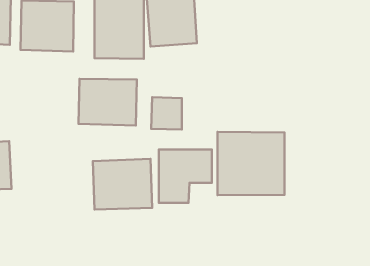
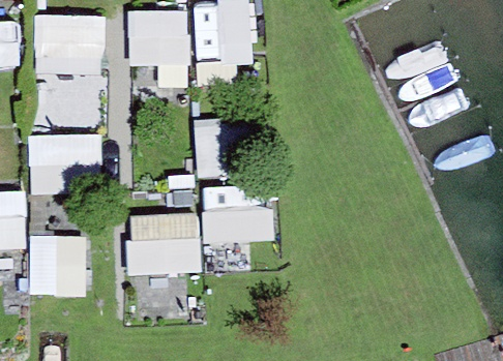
building: [79,79,137,125] -> [27,134,99,192]
building: [217,132,284,195] -> none
building: none -> [27,231,87,295]

